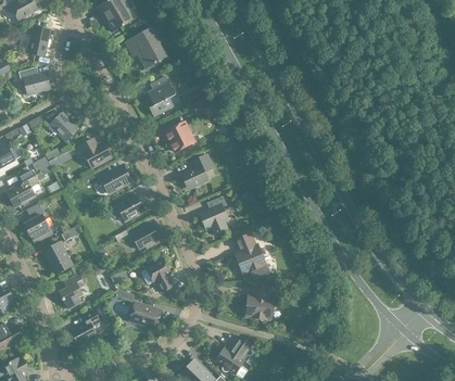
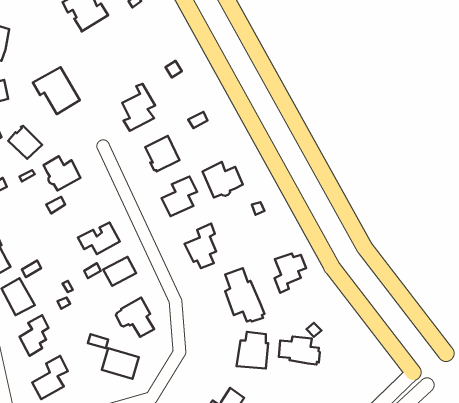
building: [125,28,165,68] -> [33,67,80,114]
building: none -> [202,162,243,197]
building: [99,165,130,193] -> none
building: none -> [275,254,306,293]
building: none -> [279,337,320,364]

